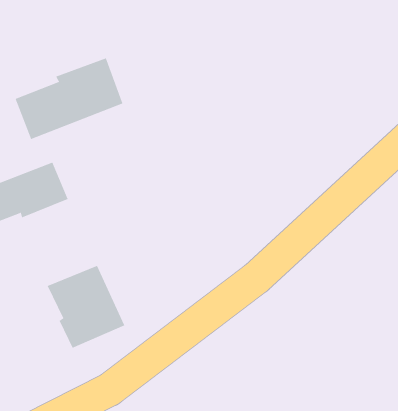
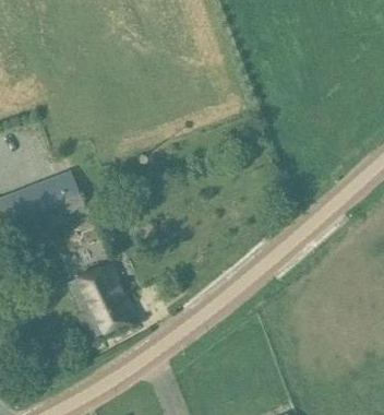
building: [15,58,123,140] -> none

